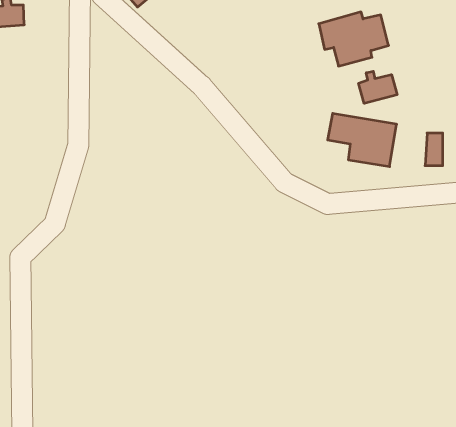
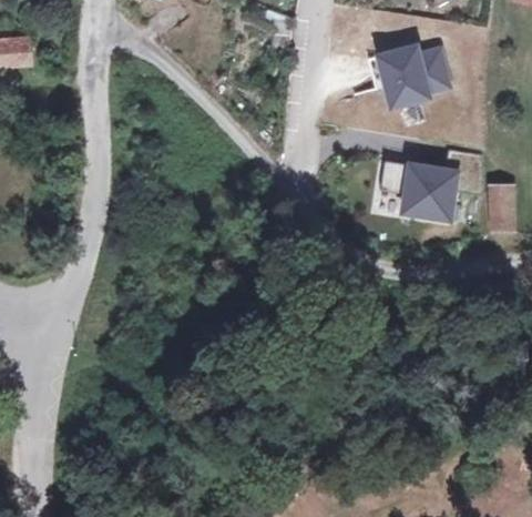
building: [359,71,397,103] -> none

